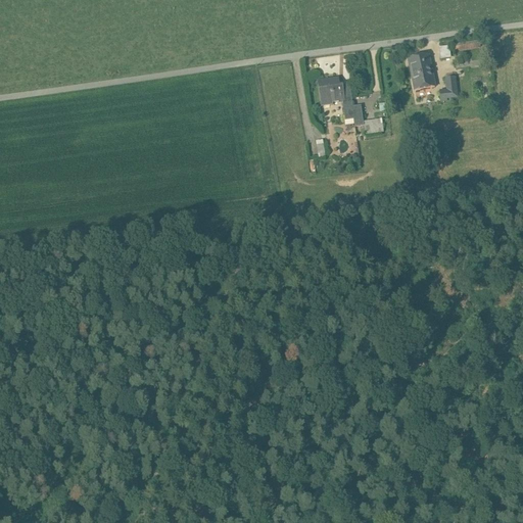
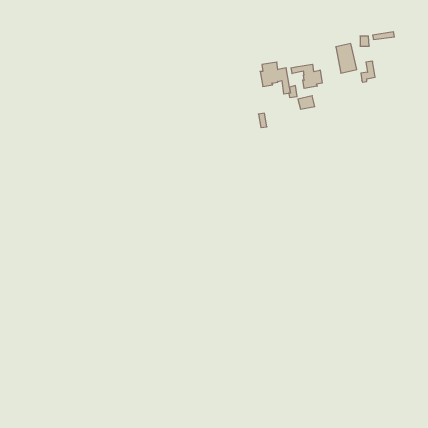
building: none -> [291,64,322,88]

